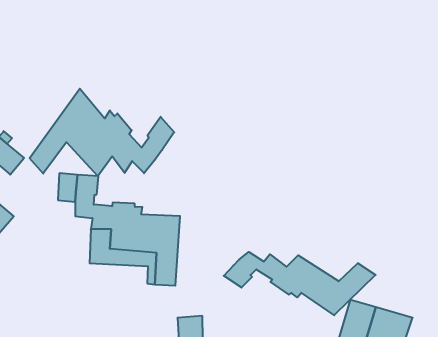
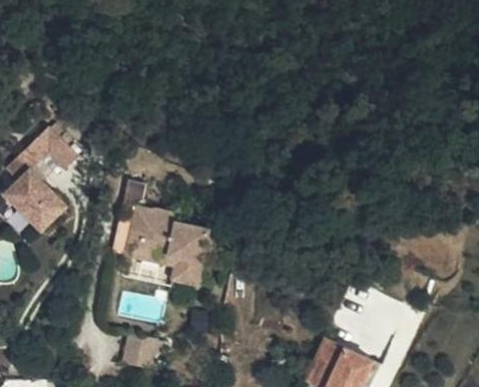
building: [30,89,174,176] -> none
building: [224,252,376,315] -> none

